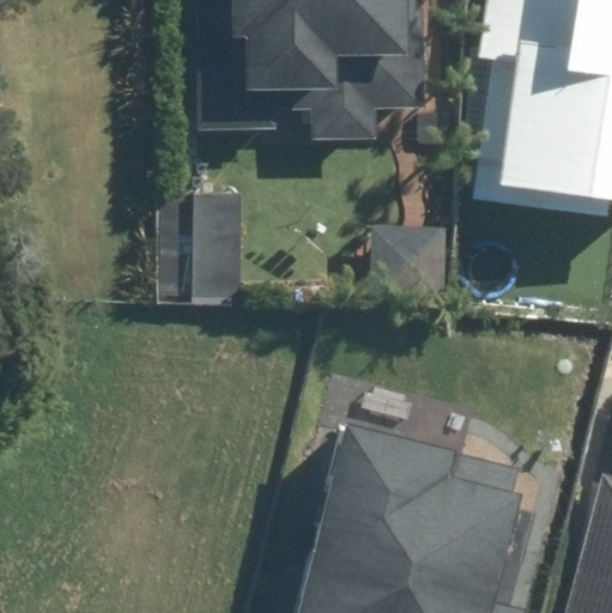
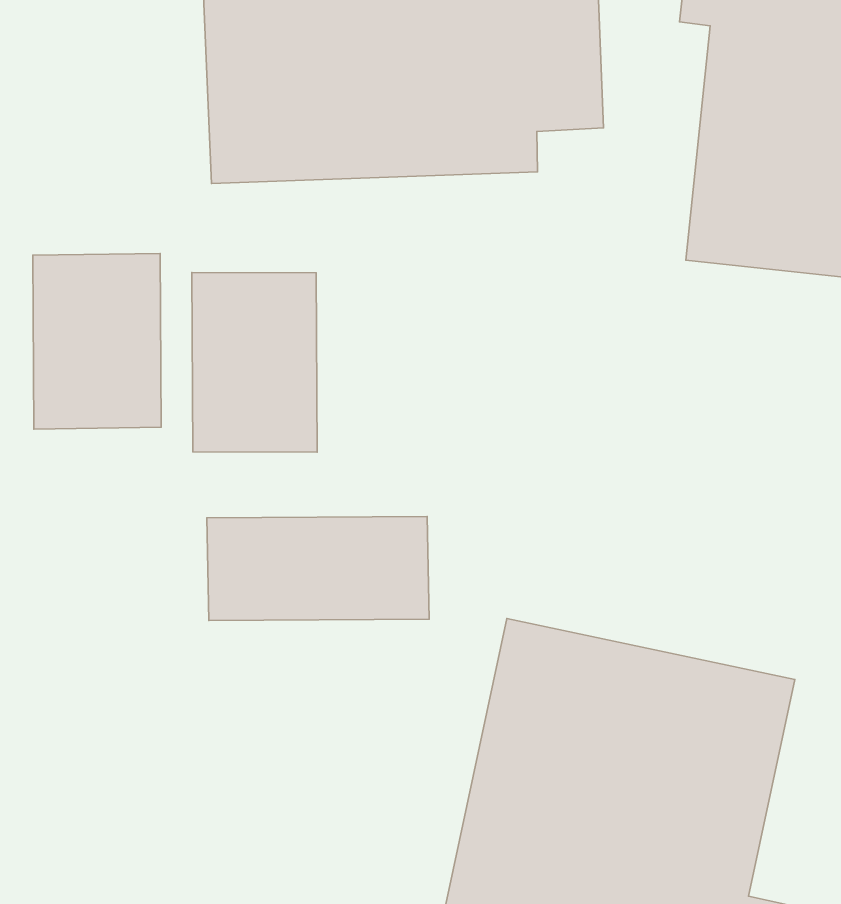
building: none -> [33,253,161,429]
building: none -> [207,516,429,621]

